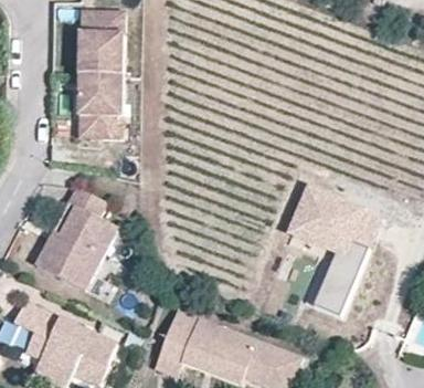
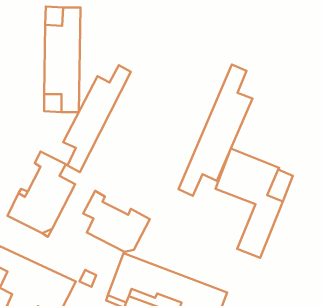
building: none -> [178,64,253,196]
building: none -> [63,65,131,172]
building: none -> [83,191,150,252]

